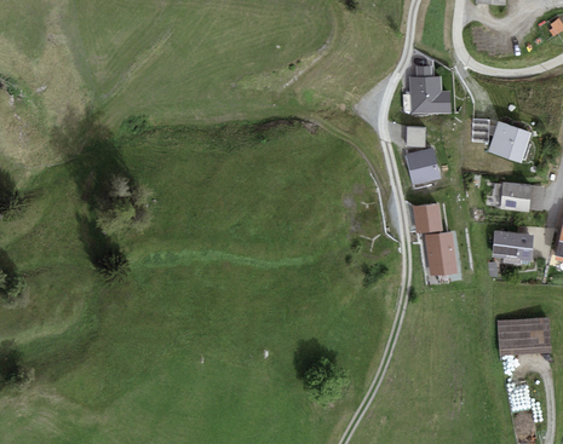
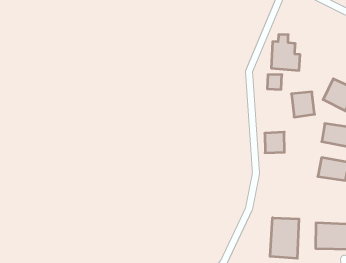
building: [406,149,441,186] -> [291,92,315,117]
building: [425,230,458,276] -> none
building: none -> [270,218,299,258]

